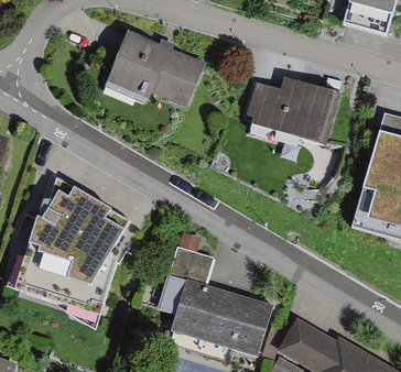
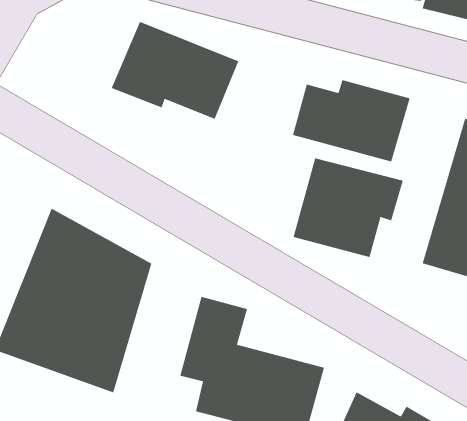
building: none -> [293,158,403,258]

